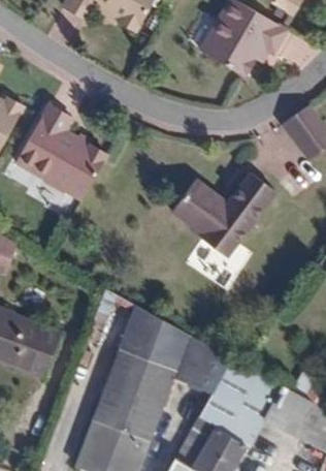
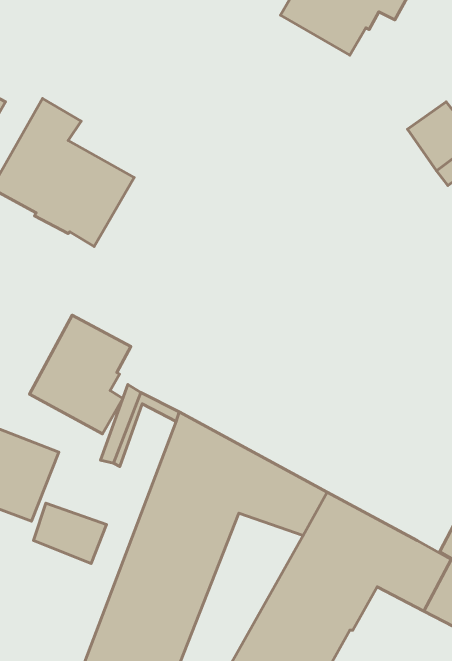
building: [172,174,276,258] -> none
building: none -> [29,315,131,434]
building: none -> [34,503,106,564]

